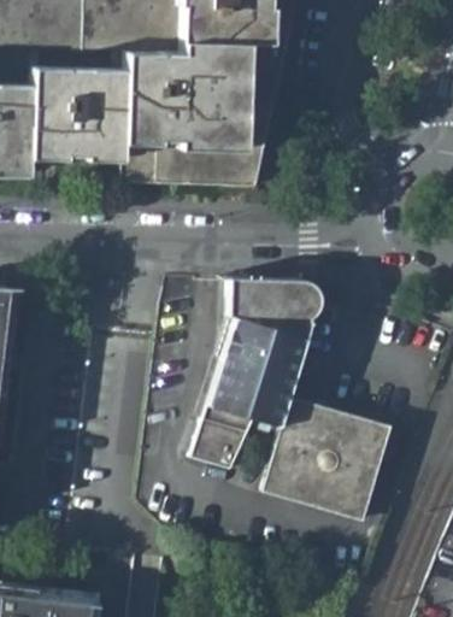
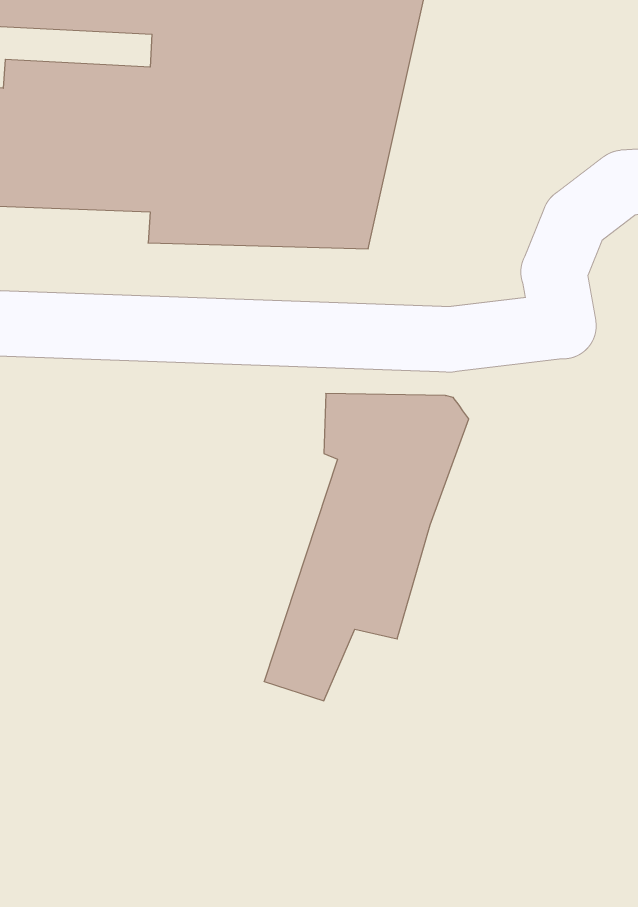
building: [257,395,390,519] -> none

